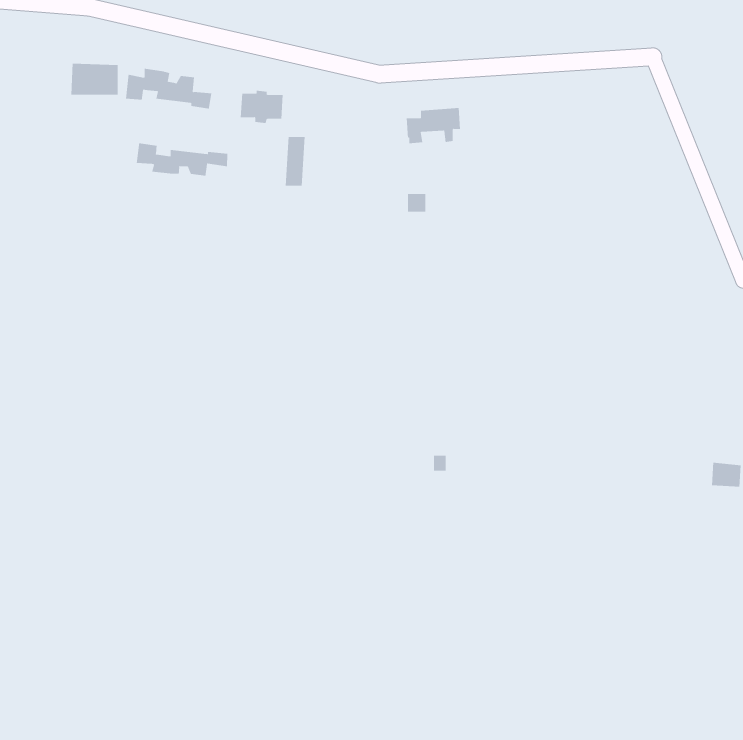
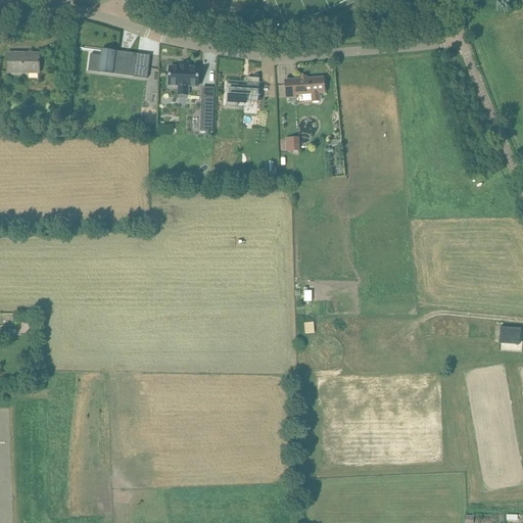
building: [70,63,118,95] -> [6,49,40,72]
building: none -> [226,76,259,104]
building: [136,142,228,176] -> none

